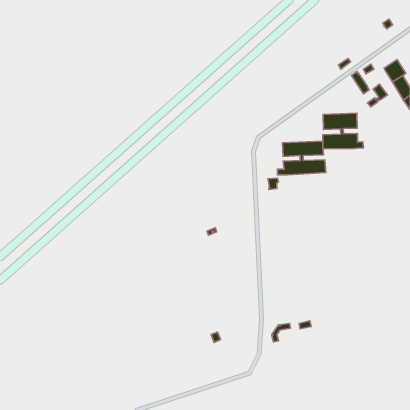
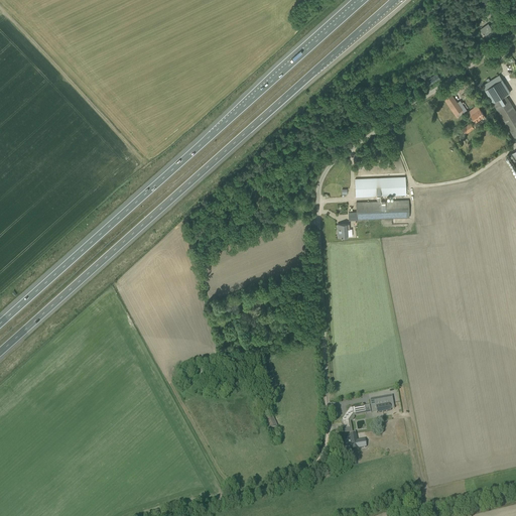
building: [323,113,363,149] -> none

